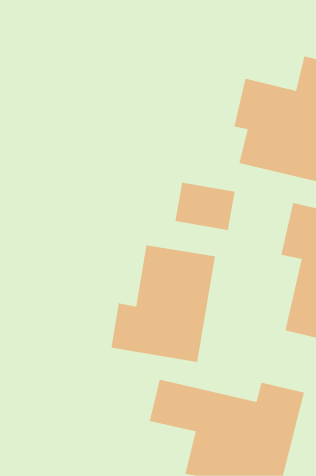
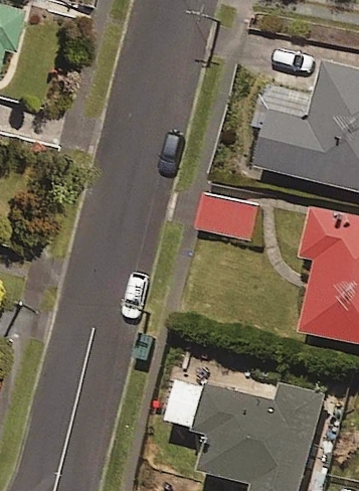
building: [110,245,216,363] -> none

